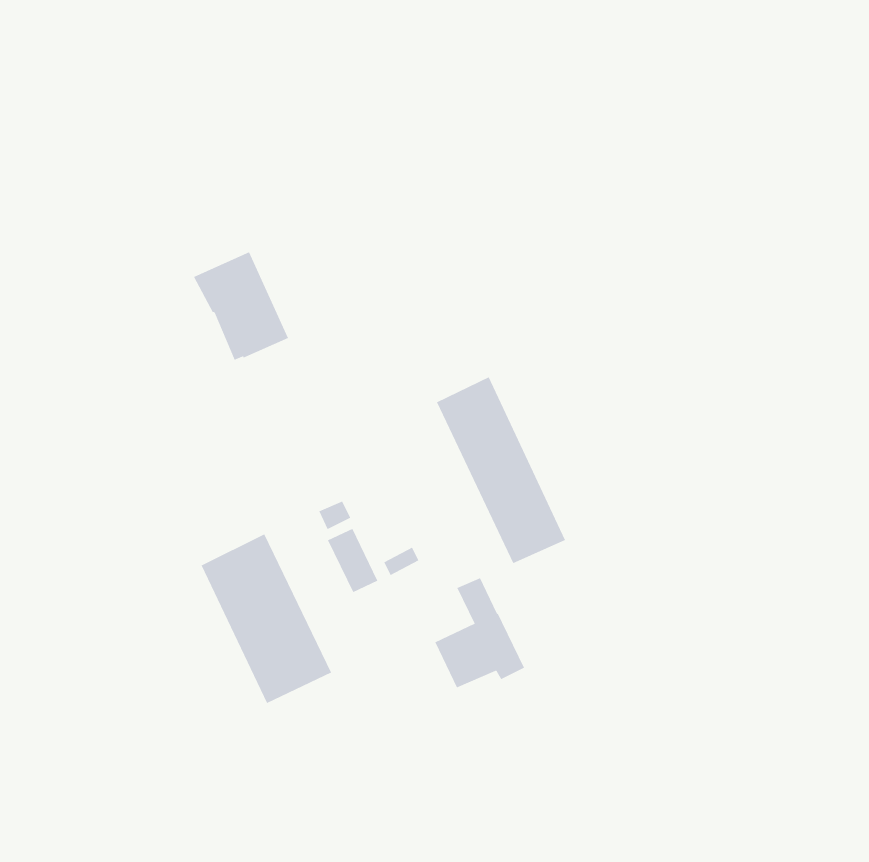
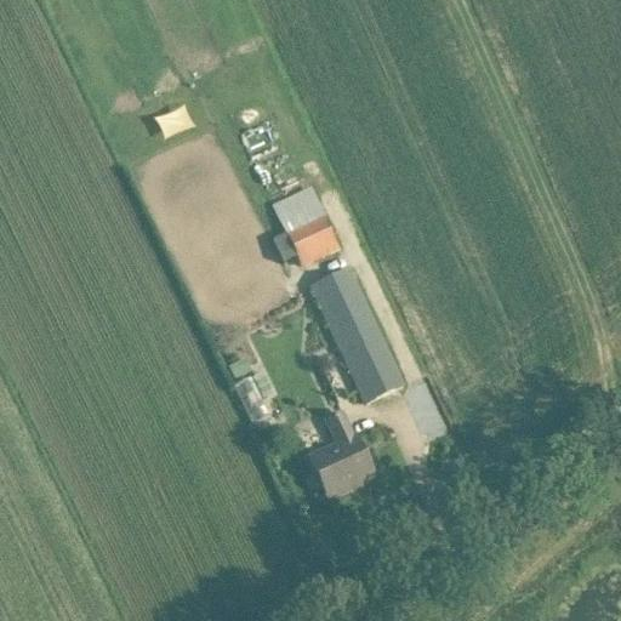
building: [193,251,289,360] -> [272,187,340,264]
building: [201,533,332,704] -> none

